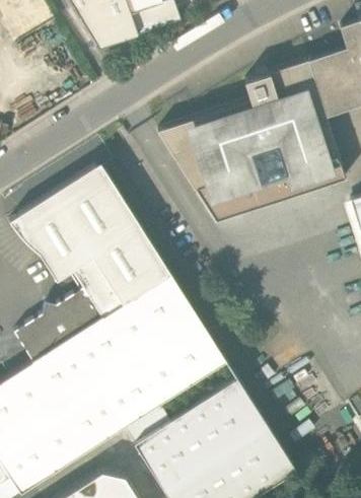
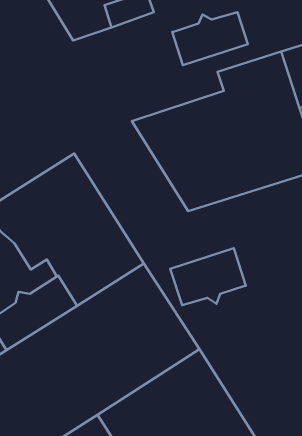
building: none -> [172,12,248,65]
building: none -> [170,248,246,305]

